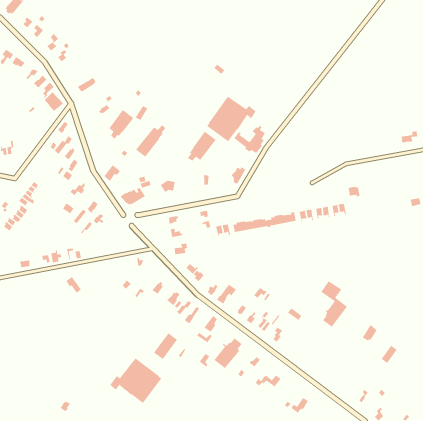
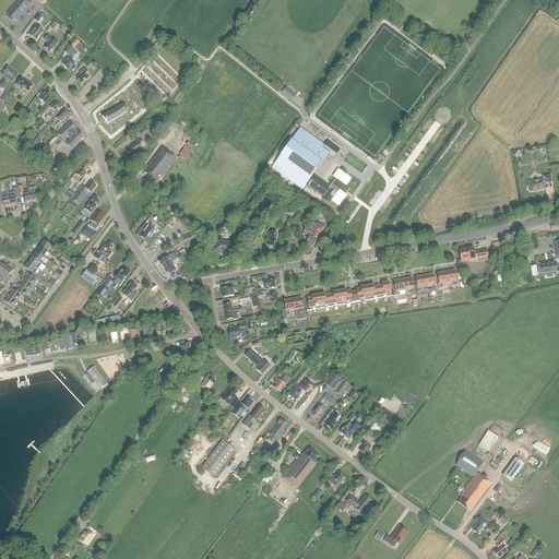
building: [135,125,167,158] -> none
building: [187,131,216,162] -> none
building: [321,280,348,328] -> [455,448,491,510]
building: [110,358,162,404] -> none

